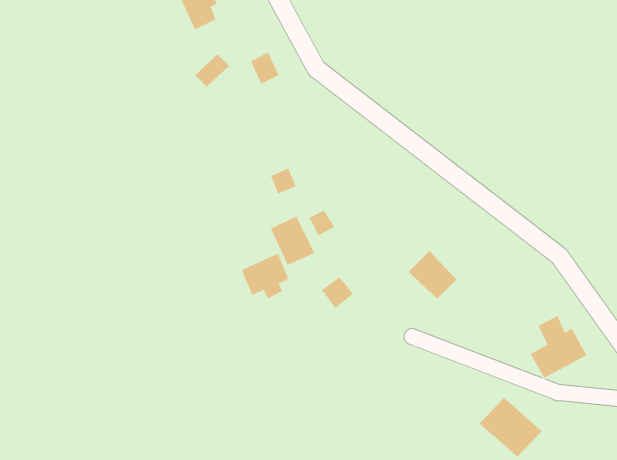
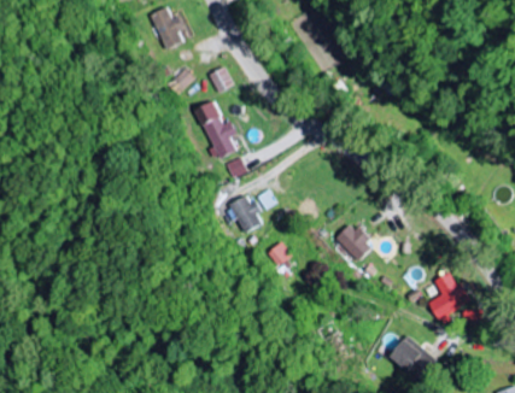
building: none -> [194,100,236,158]
building: [241,253,289,299] -> none

